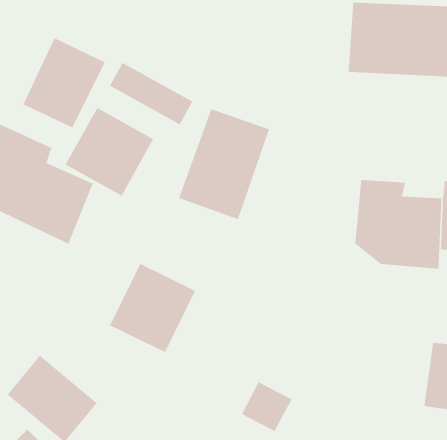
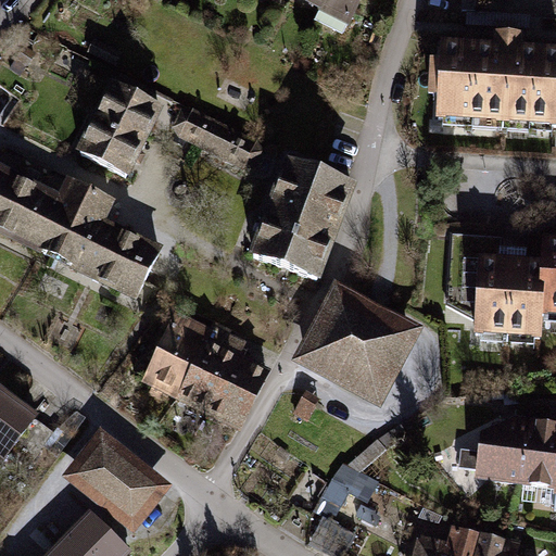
building: [65,107,154,197] -> none
building: none -> [295,286,421,408]
building: none -> [141,312,211,397]
building: none -> [464,415,533,486]

